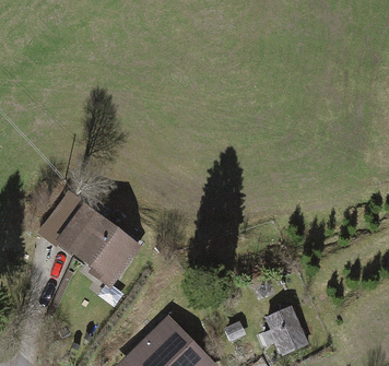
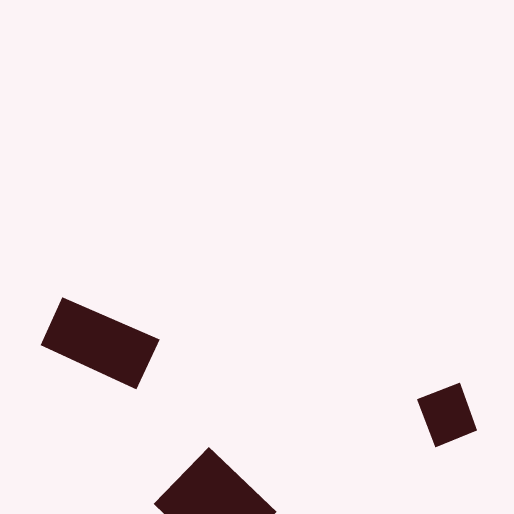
building: [260,309,303,355] -> [416,381,478,448]

